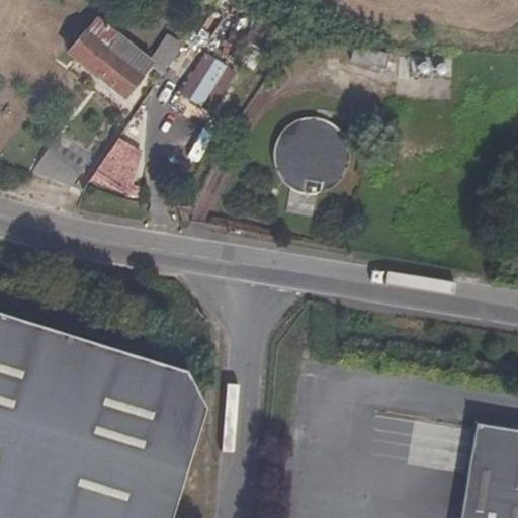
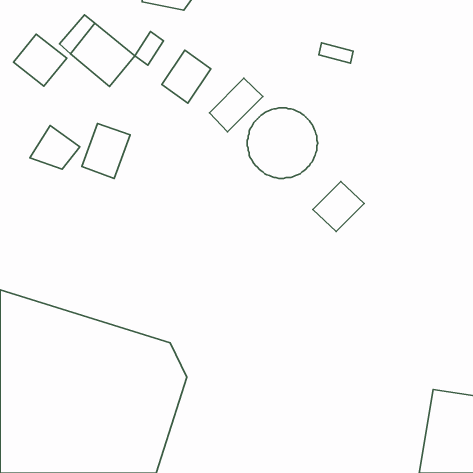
building: none -> [13,34,67,86]
building: none -> [210,78,263,132]
building: none -> [313,181,364,231]

